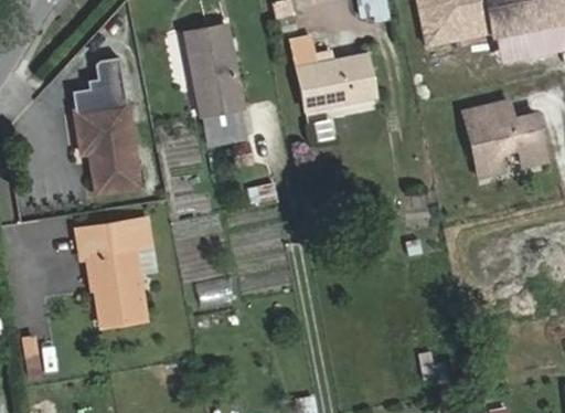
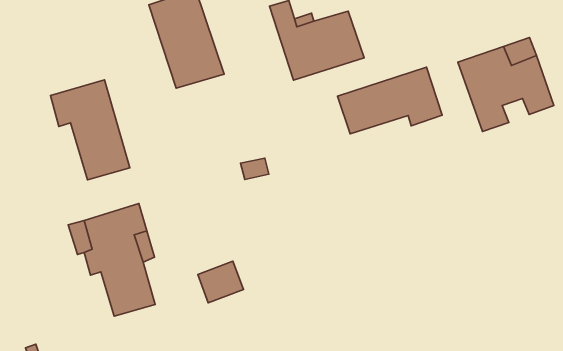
building: [73,55,127,103] -> none
building: [193,102,245,140] -> none
building: none -> [338,67,442,134]

